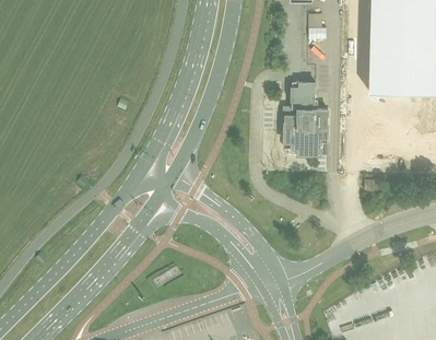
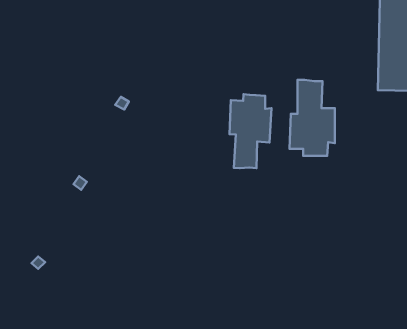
building: none -> [230,94,272,168]

